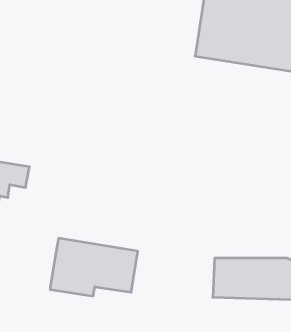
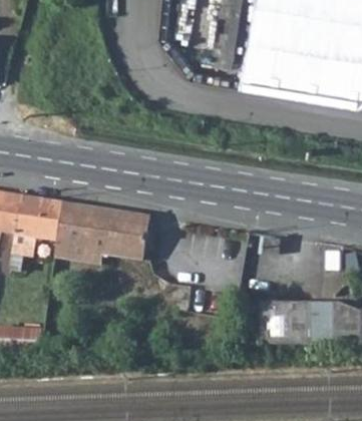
building: [50,238,138,296] -> [55,202,149,265]

